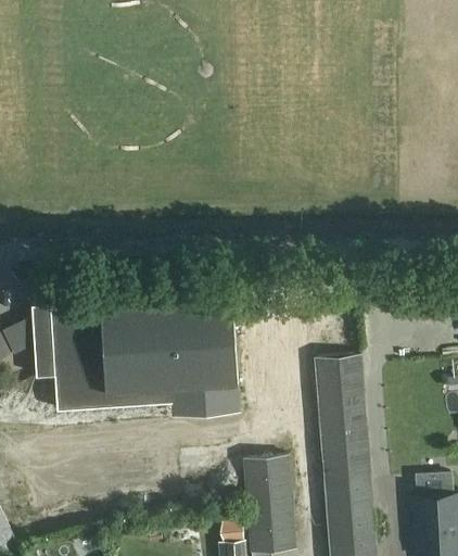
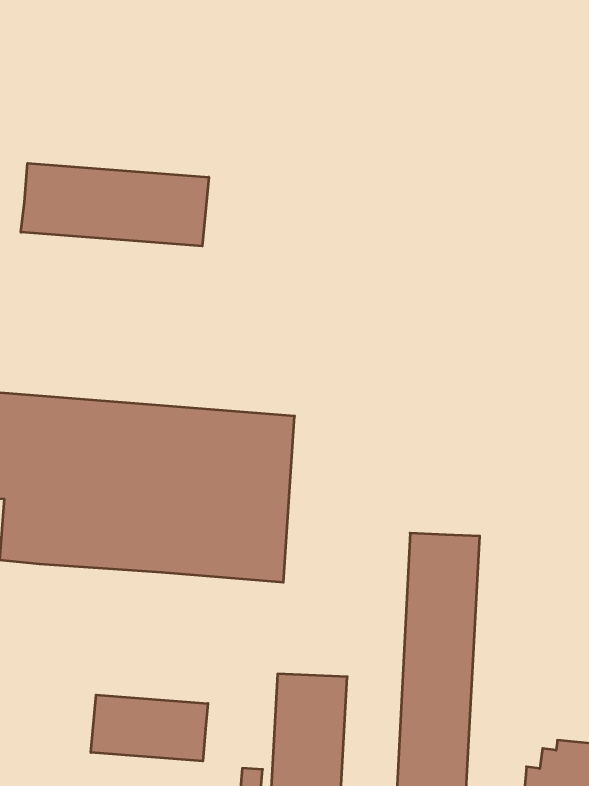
building: none -> [21,163,209,246]
building: none -> [91,695,208,761]

